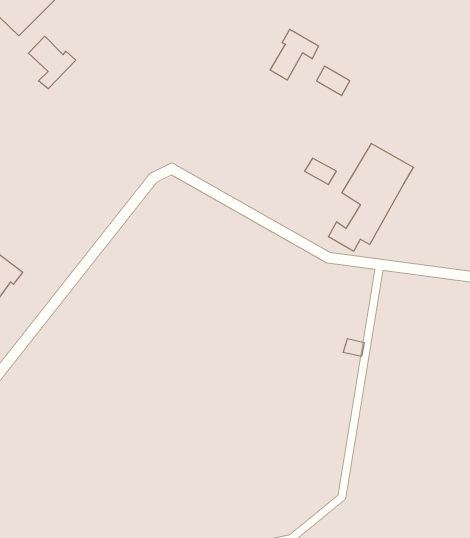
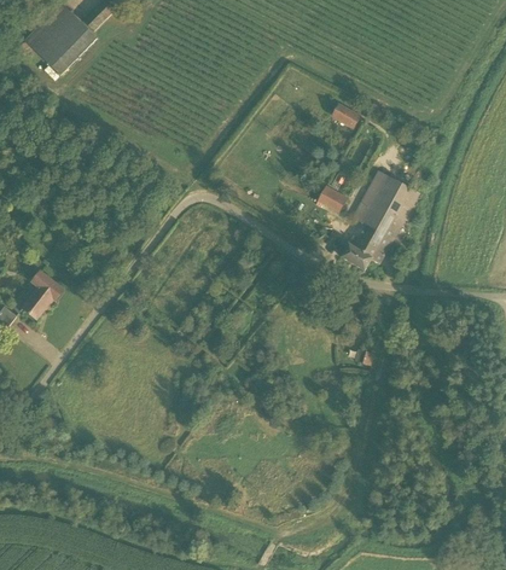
building: [270,29,318,80] -> none
building: [28,36,76,89] -> none

